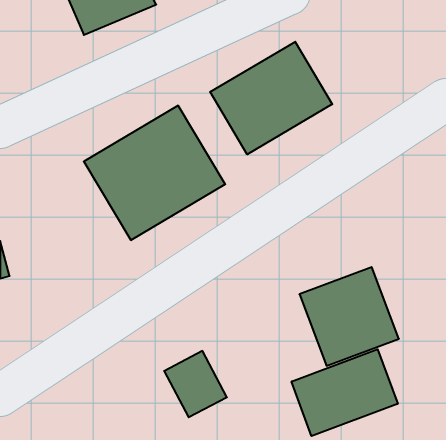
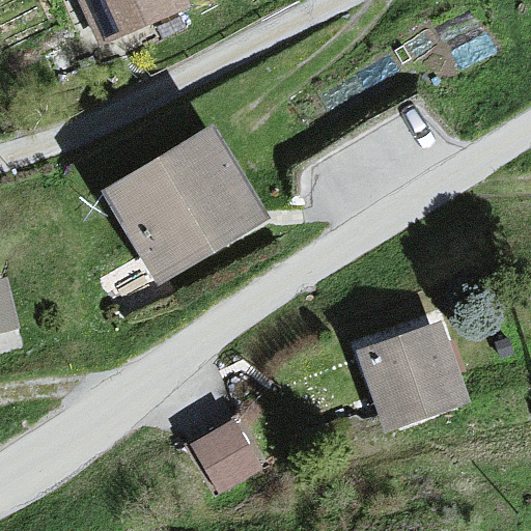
building: [210,42,332,154] -> none
building: [292,349,398,436] -> none

